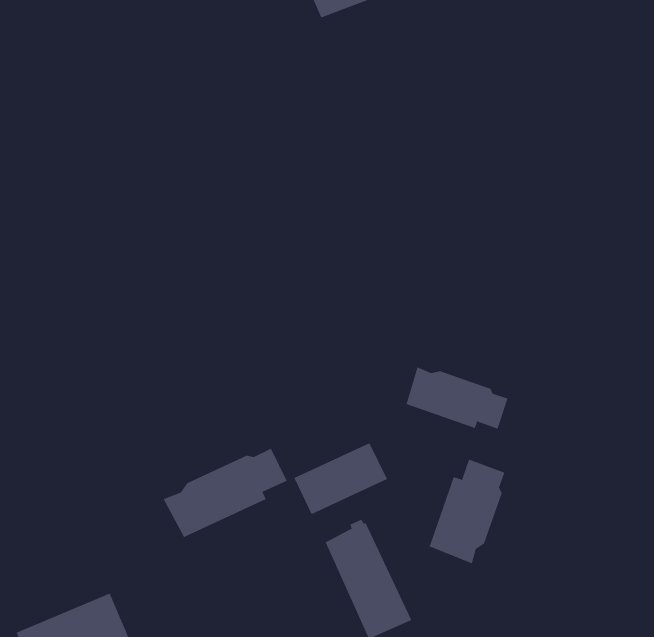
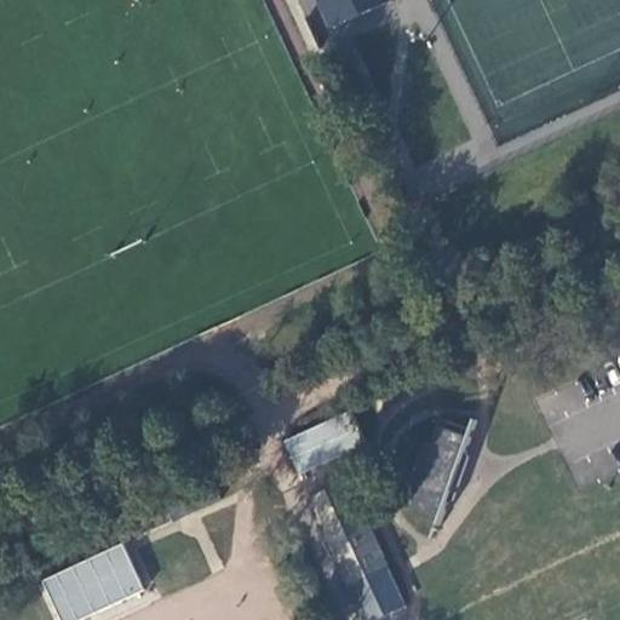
building: [406,366,508,430] -> none
building: [163,448,288,538] -> none

